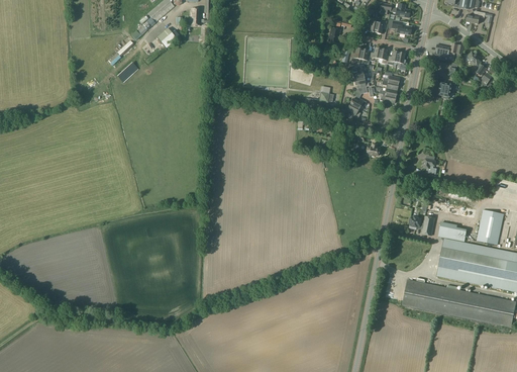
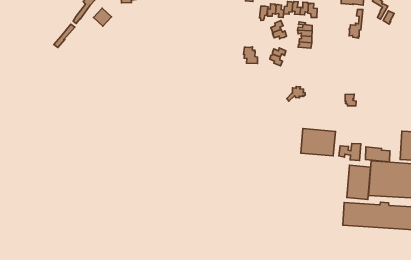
building: none -> [301,129,335,156]
building: none -> [347,165,371,199]

